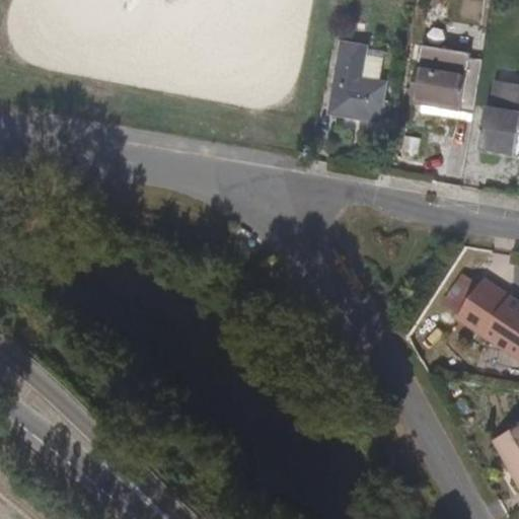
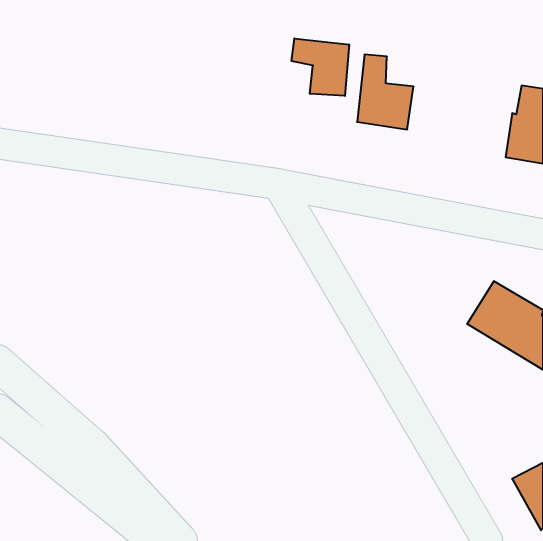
building: none -> [292,38,349,96]
building: [414,45,480,108] -> none

